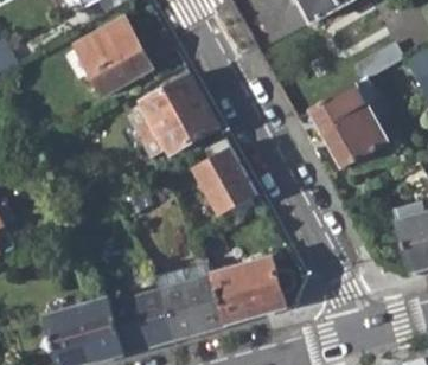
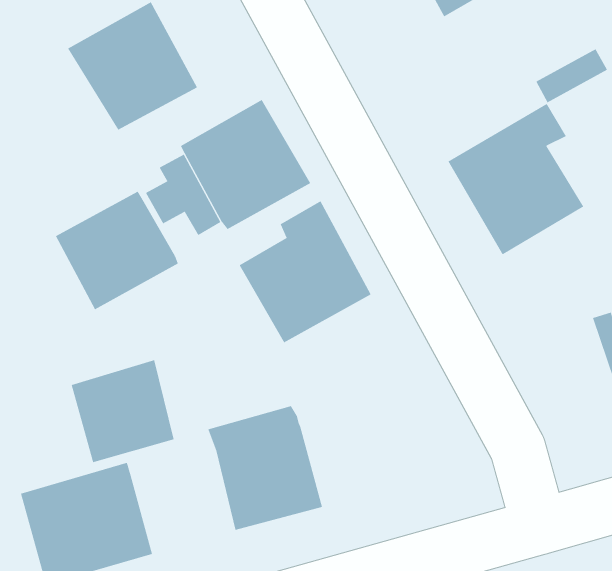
building: none -> [55,191,178,310]
building: [215,256,299,324] -> none
building: [113,289,175,352] -> [71,359,174,463]

